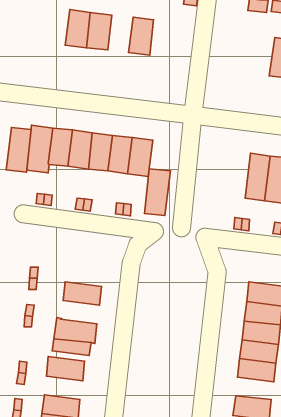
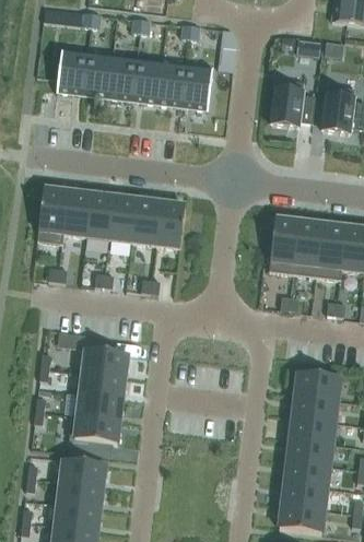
building: none -> [57,49,89,94]
building: none -> [133,59,163,103]
building: none -> [183,64,213,109]
building: none -> [272,79,316,127]
building: [6,127,31,172] -> none
building: [144,169,170,216] -> [270,219,301,273]
building: none -> [80,333,129,377]
building: none -> [78,393,124,421]
building: none -> [59,482,104,509]
building: none -> [283,483,328,509]

